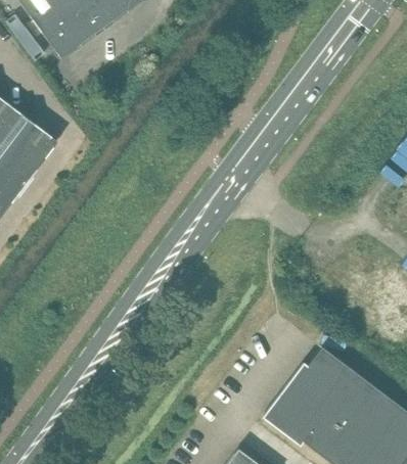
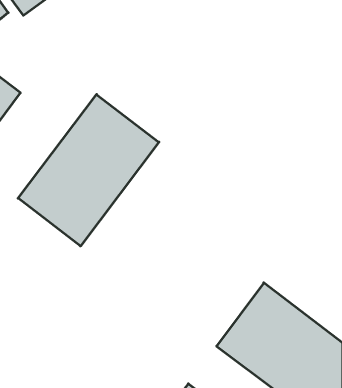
building: none -> [18,94,159,246]

